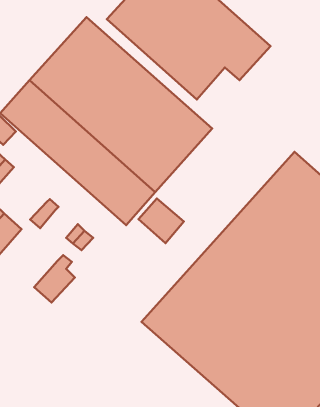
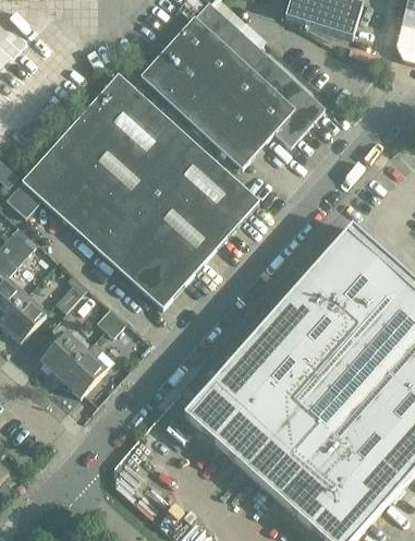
building: [138,199,184,243] -> none
building: none -> [40,330,86,377]

